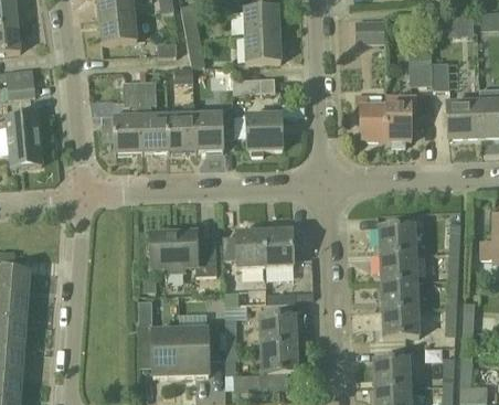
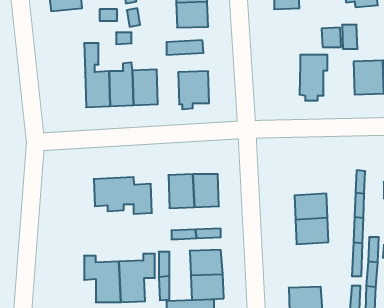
building: [113,81,141,154] -> none
building: [354,93,385,139] -> none
building: [378,224,415,254] -> none
building: [381,307,418,337] -> none

